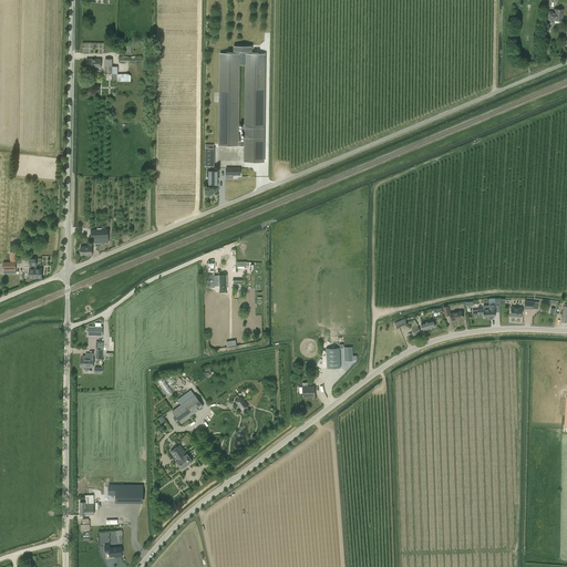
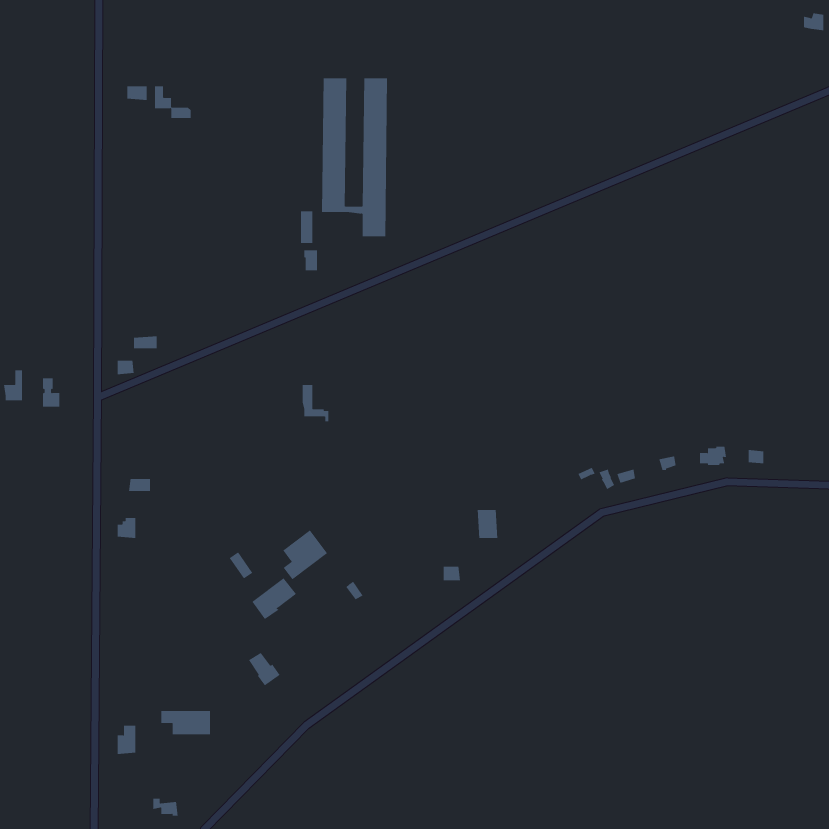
building: none -> [282,530,328,580]

